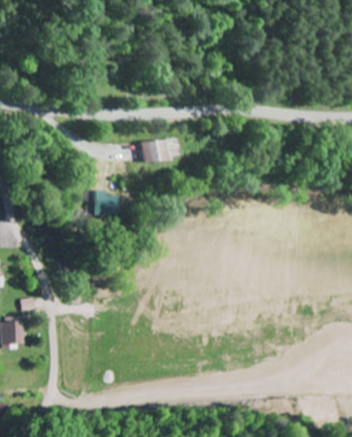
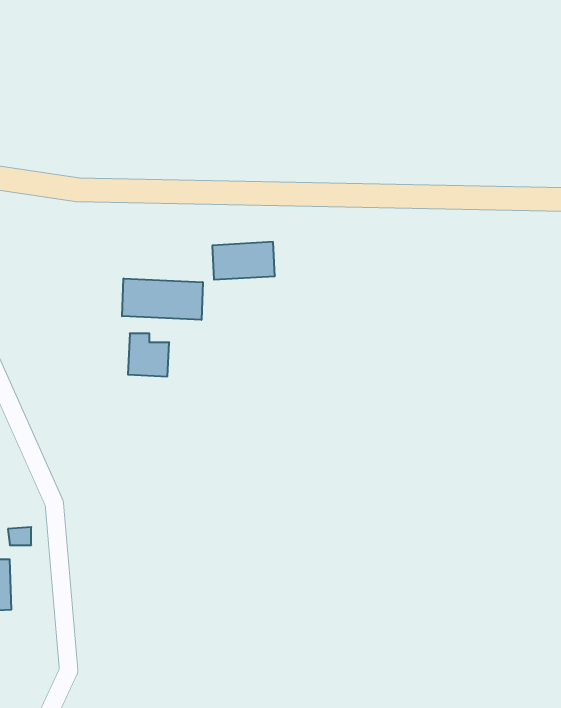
building: none -> [122,278,203,320]

